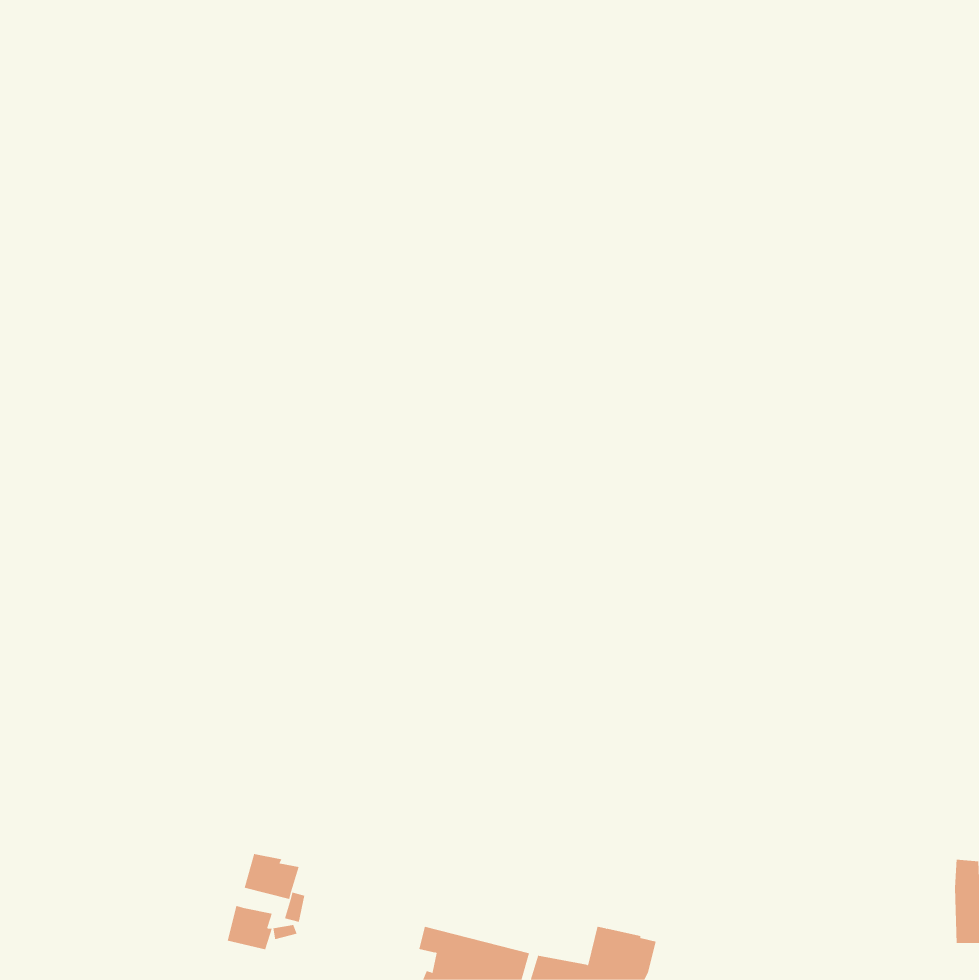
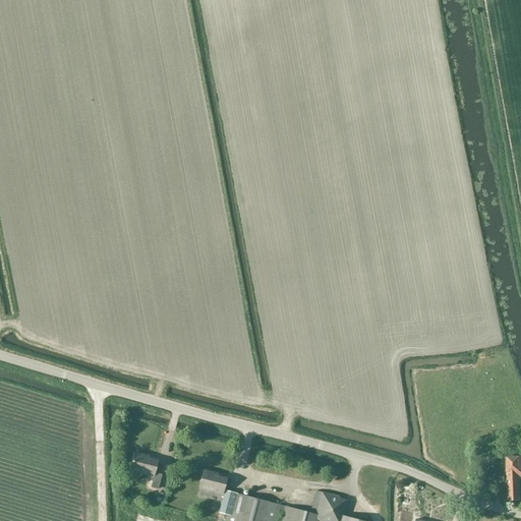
building: none -> [199,470,228,495]
building: [227,905,273,950] -> none

